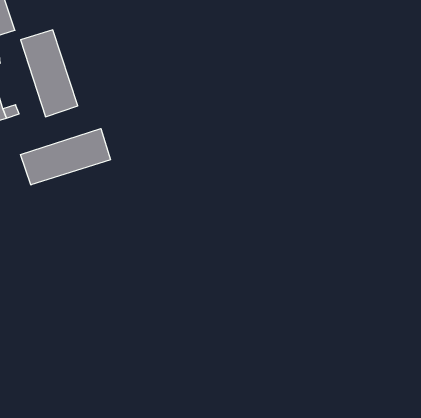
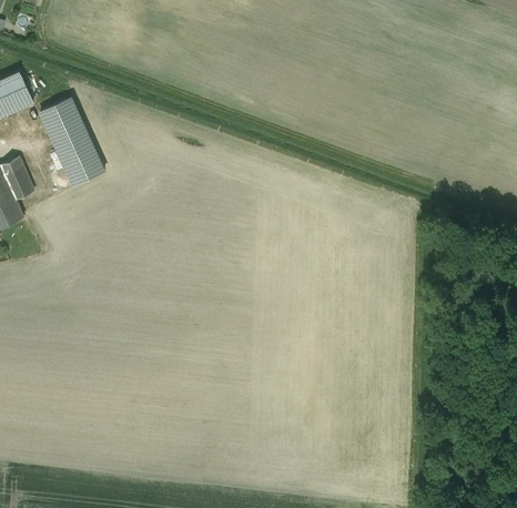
building: [21,129,110,185] -> none

